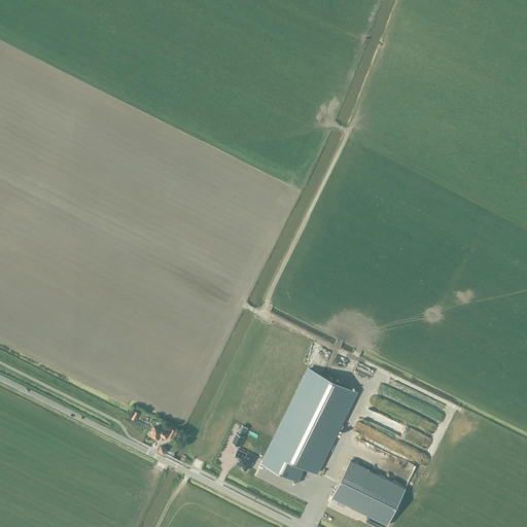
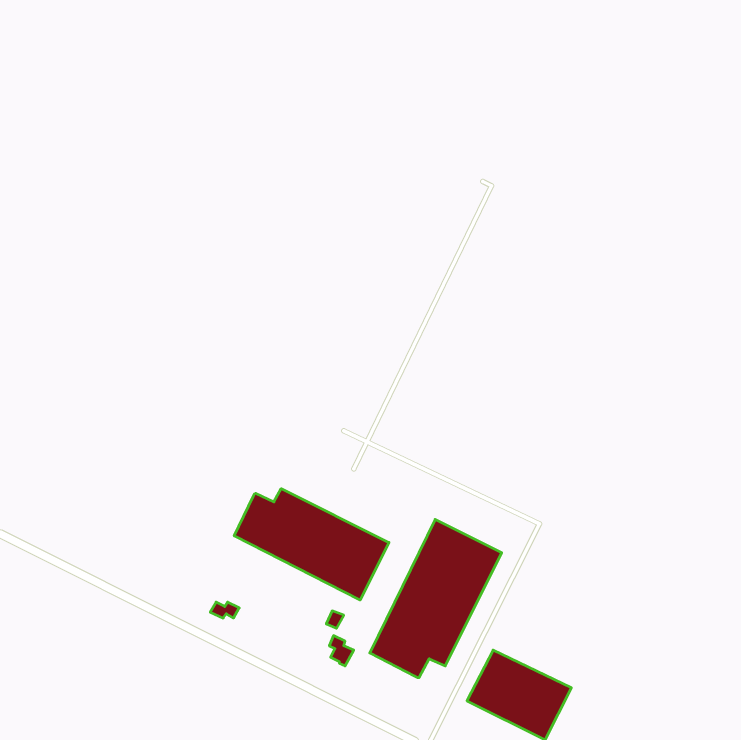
building: none -> [234,489,389,600]

